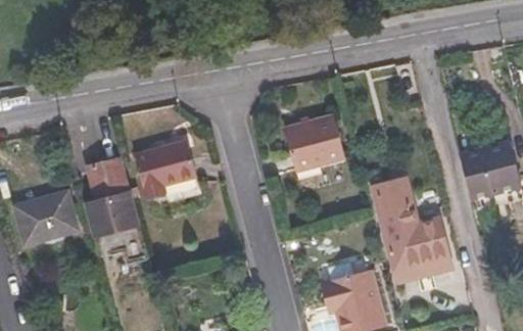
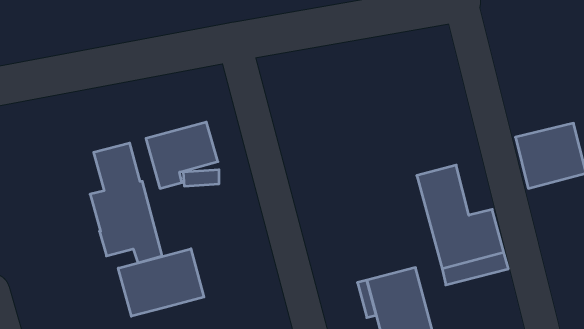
building: [284,115,345,171] -> none
building: [15,191,78,244] -> none
building: none -> [118,249,204,316]

